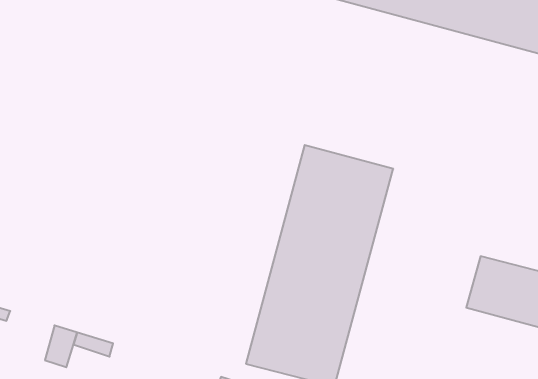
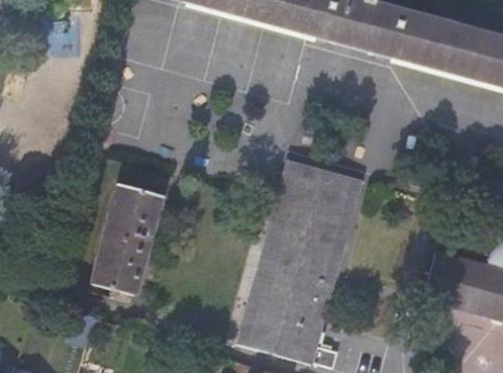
building: none -> [91,184,163,294]

